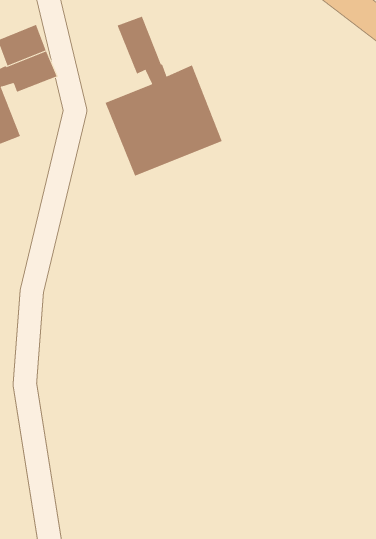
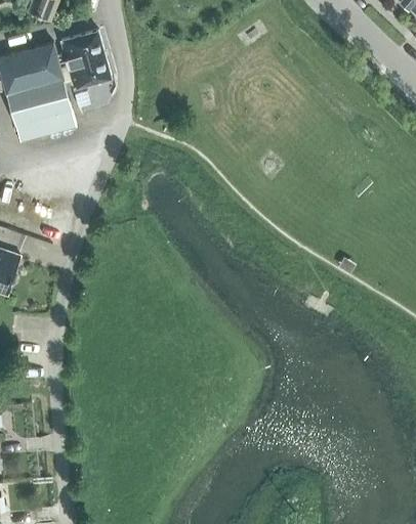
building: [105,16,223,176] -> none

